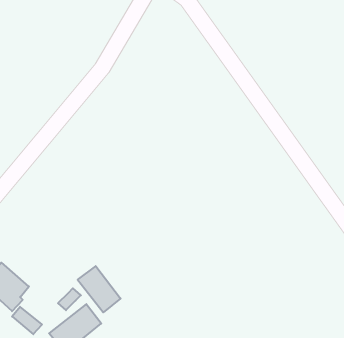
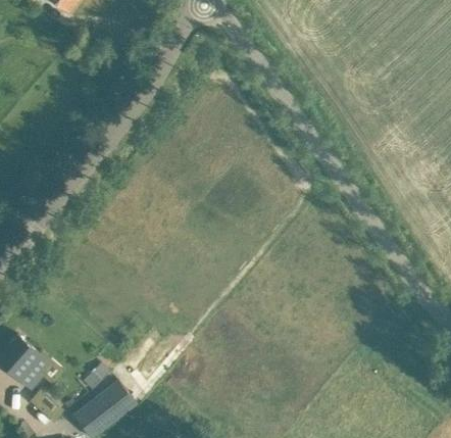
building: [78,266,121,312] -> none

